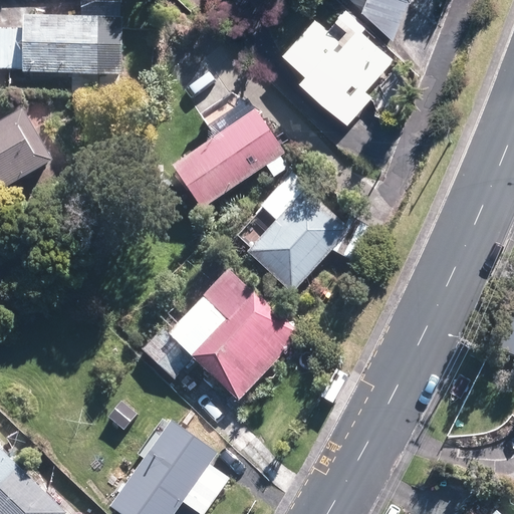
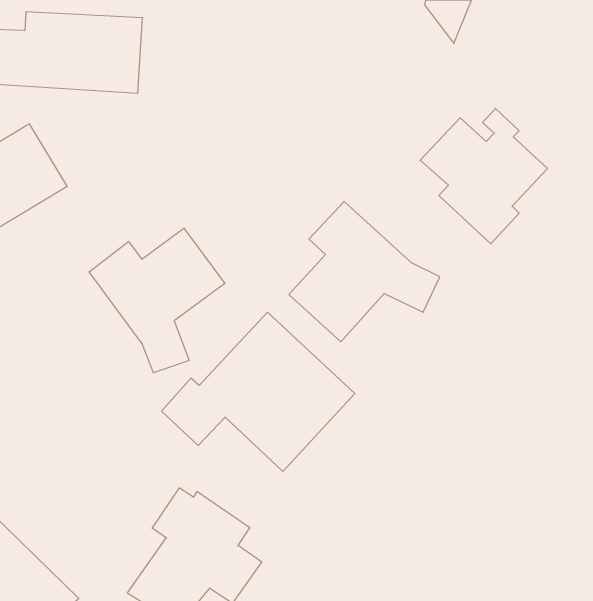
building: [281,5,390,120] -> [420,108,547,244]
building: [174,101,285,208] -> none
building: none -> [89,228,225,373]

